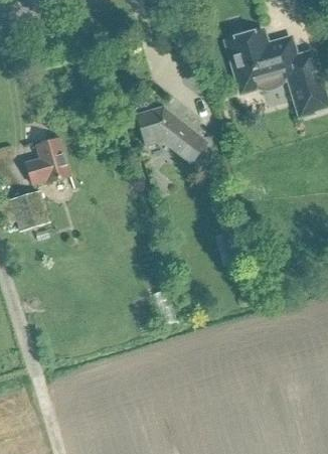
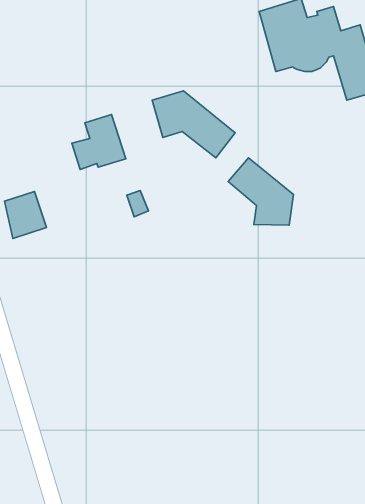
building: [24,137,69,183] -> [72,114,126,170]
building: none -> [228,158,294,225]

